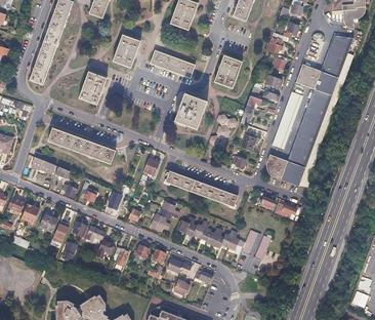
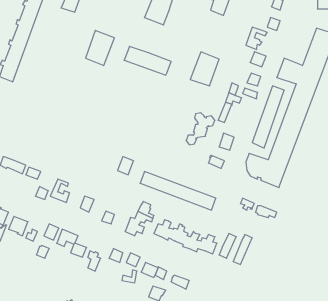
building: [79,71,107,104] -> none
building: [174,93,206,128] -> none
building: [48,127,115,163] -> none

